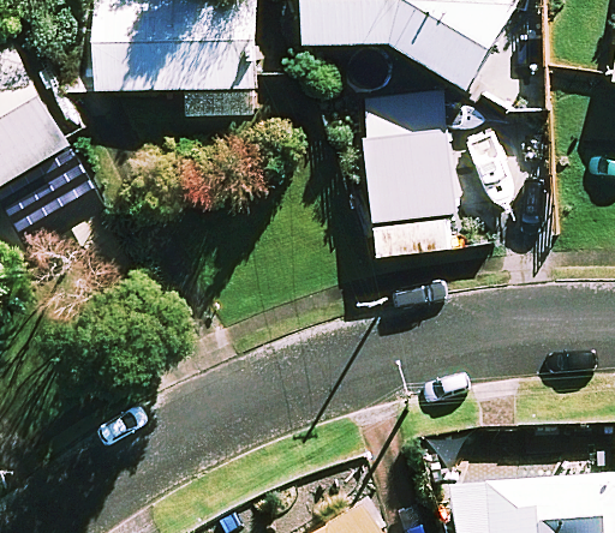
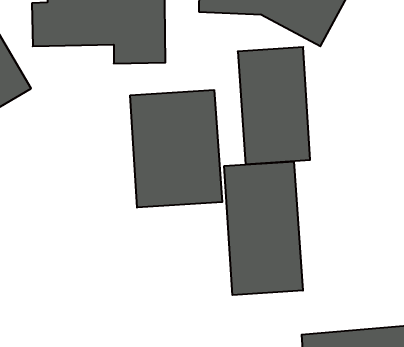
building: none -> [130,90,222,208]
building: none -> [224,161,303,295]

